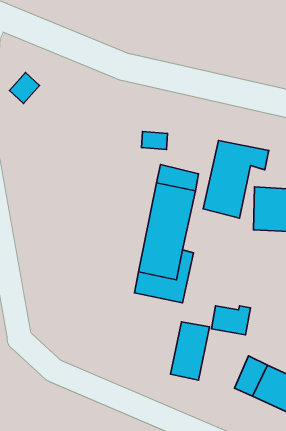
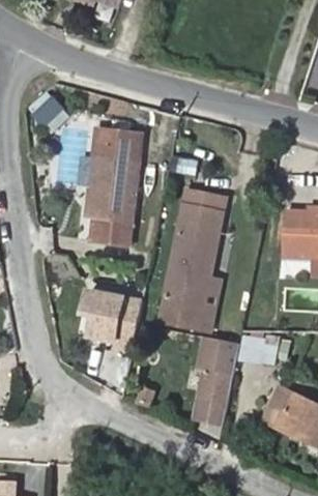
building: none -> [88,130,140,245]
building: [203,141,269,218] -> none
building: none -> [83,289,140,348]

